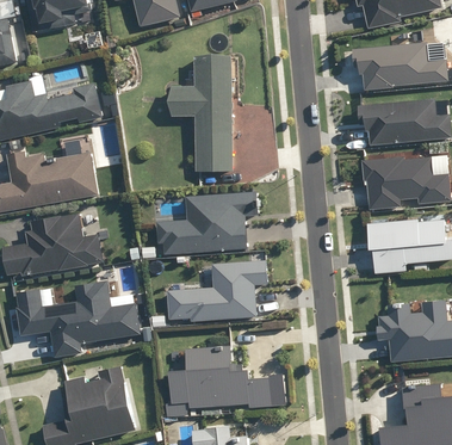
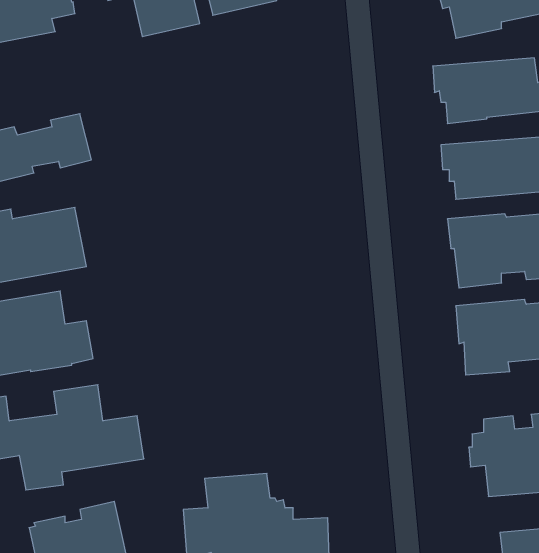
building: [172,55,233,172] -> none
building: [156,191,259,255] -> none
building: [167,260,268,321] -> none

